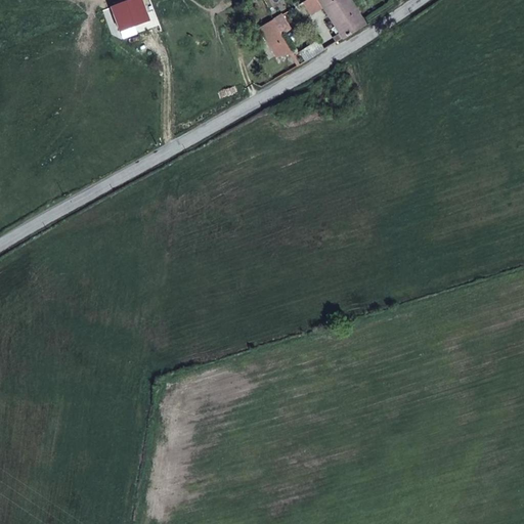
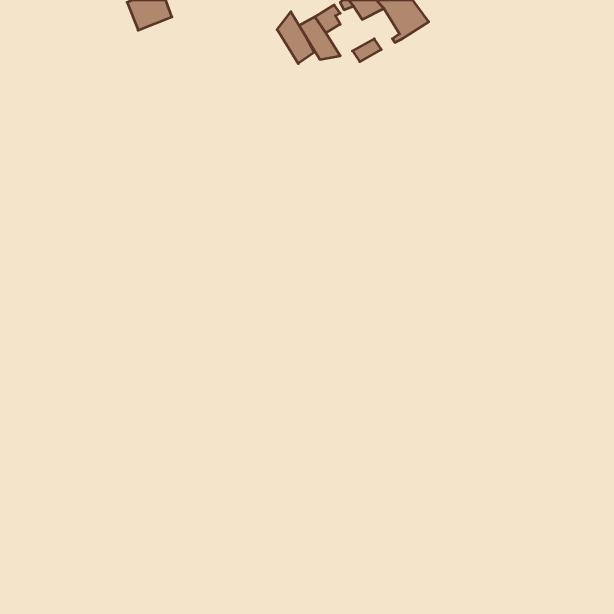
building: none -> [277,12,314,64]

